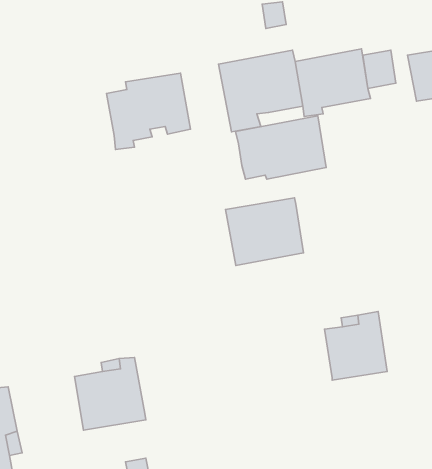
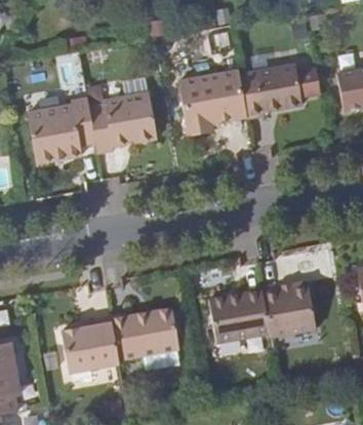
building: none -> [27,93,94,159]
building: [235,116,326,179] -> none
building: [226,198,303,265] -> [207,288,270,343]
building: none -> [111,309,180,361]

